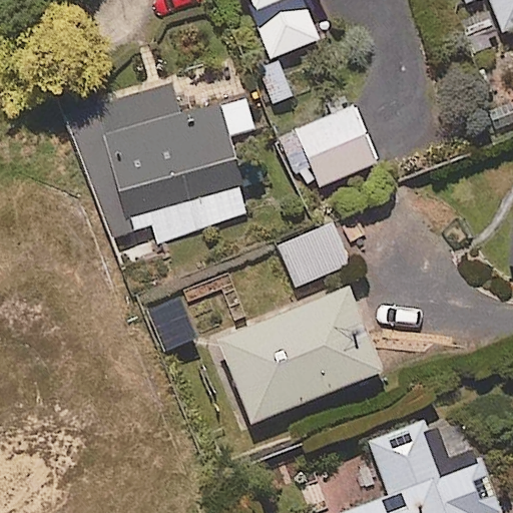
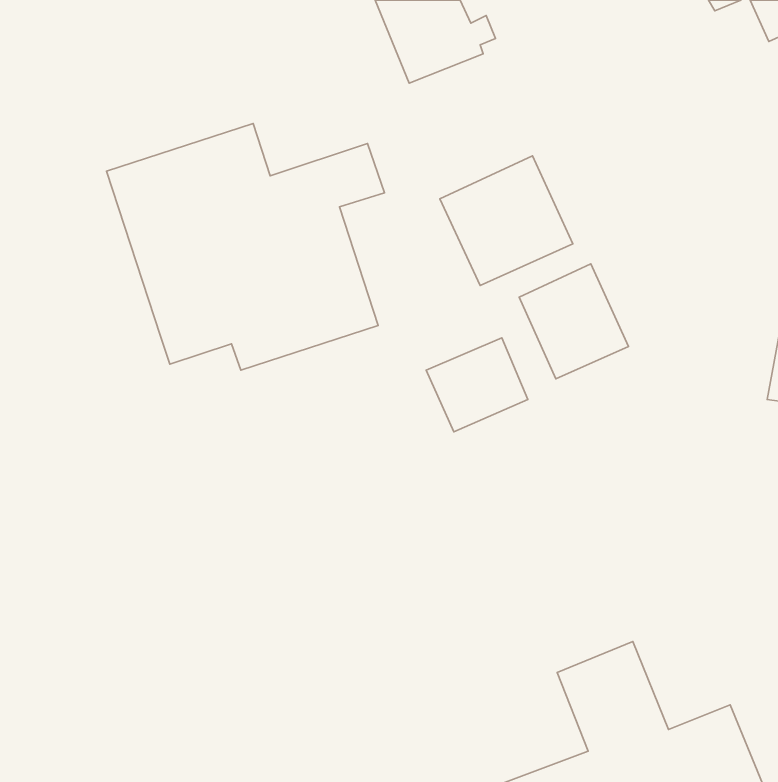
building: none -> [519,264,629,379]
building: [218,286,381,422] -> none

